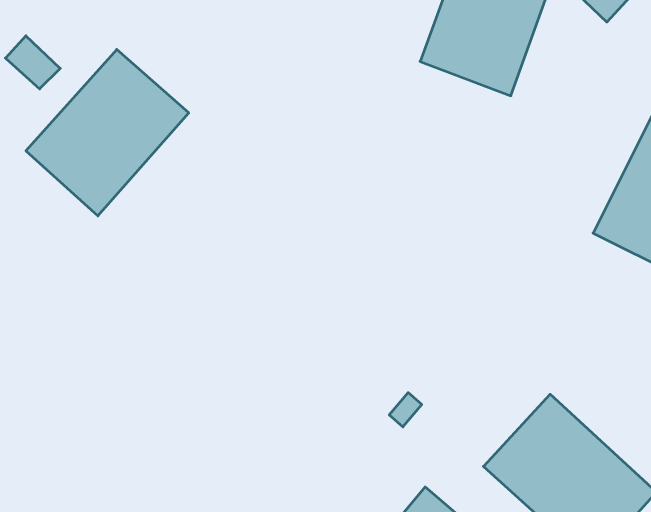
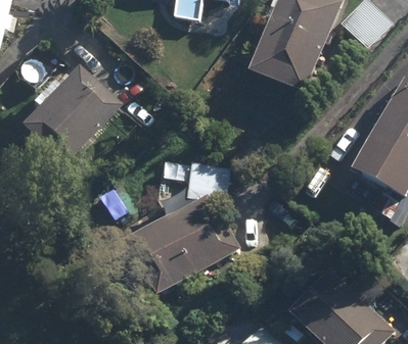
building: none -> [126,163,237,297]

